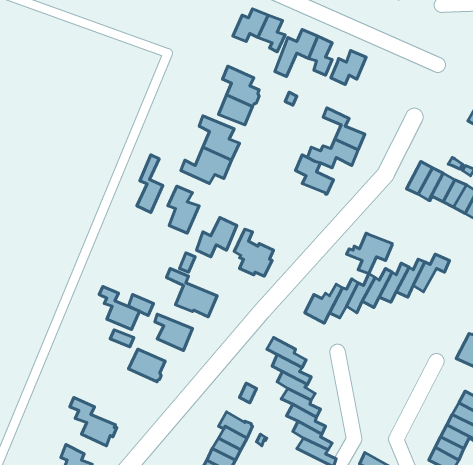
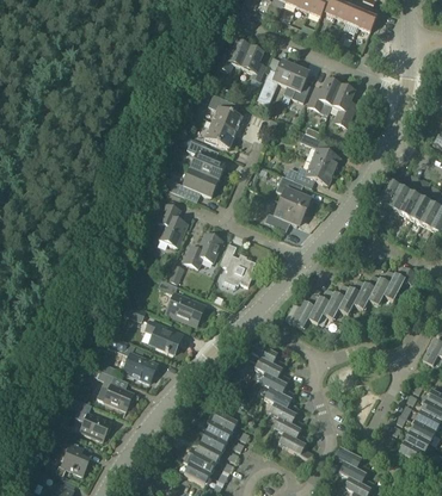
building: none -> [331,85,356,125]
building: [137,155,163,213] -> none
building: [346,233,392,274] -> [260,199,302,236]
building: [99,287,139,330] -> [96,368,133,408]

